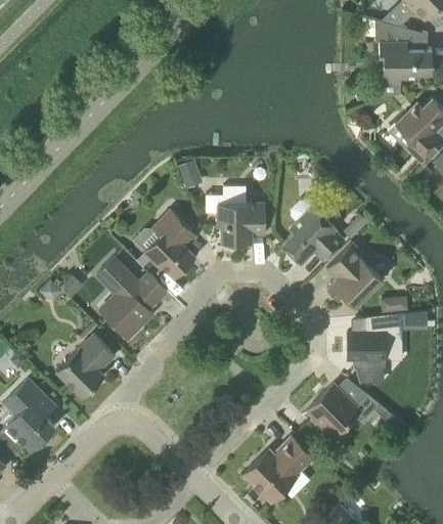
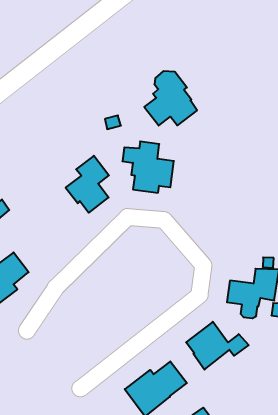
building: [282,199,344,263] -> [144,71,197,126]
building: [326,243,383,306] -> none
building: [97,257,167,338] -> none

